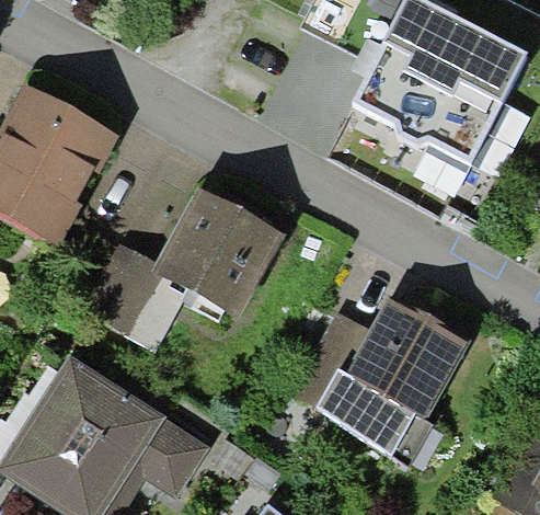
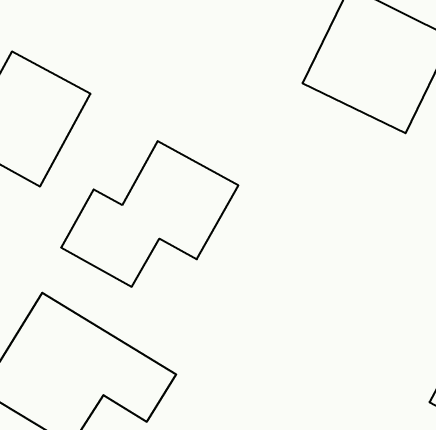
building: [296,301,466,482] -> none

